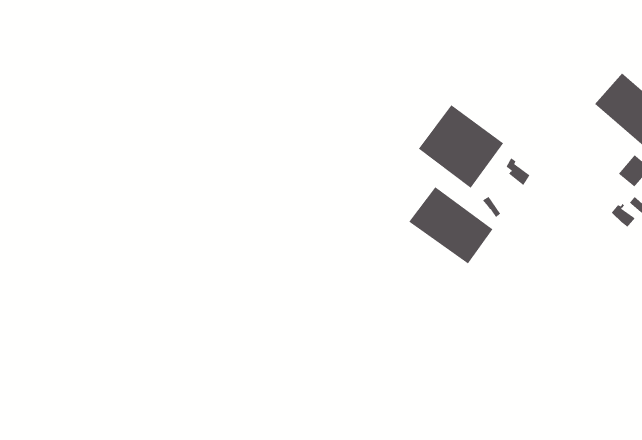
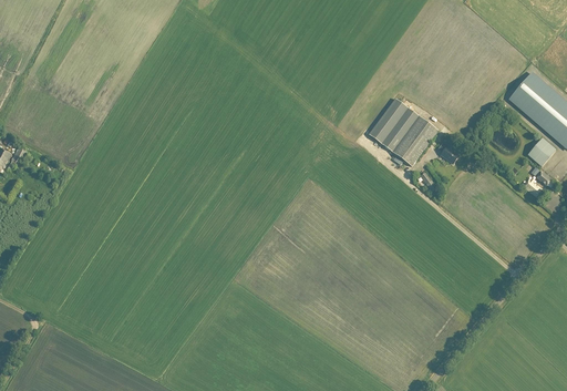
building: [408,186,494,265] -> none

